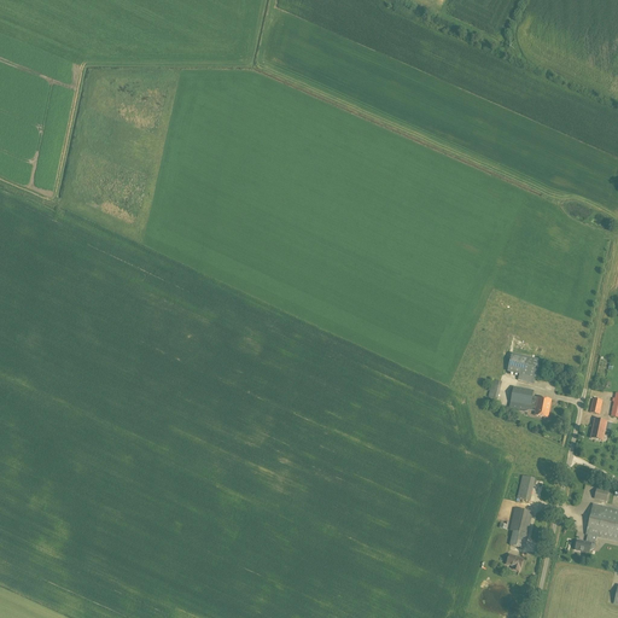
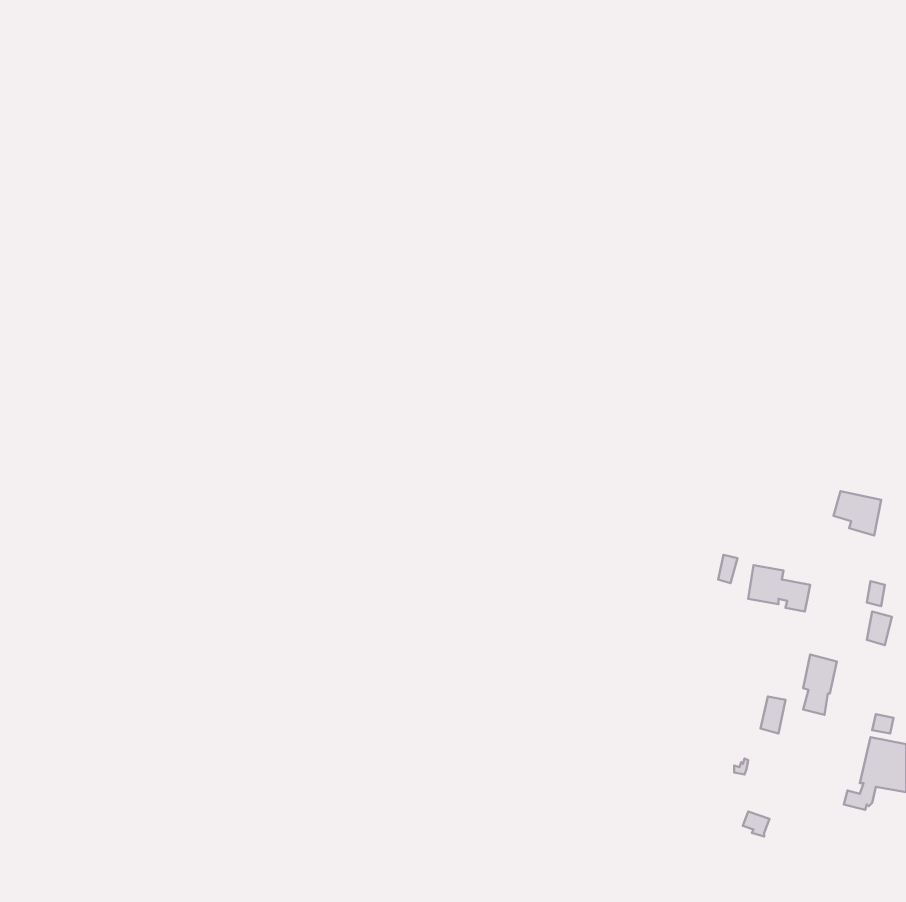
building: [507,352,540,383] -> [833,491,881,535]
building: [509,506,532,547] -> [803,655,837,715]

